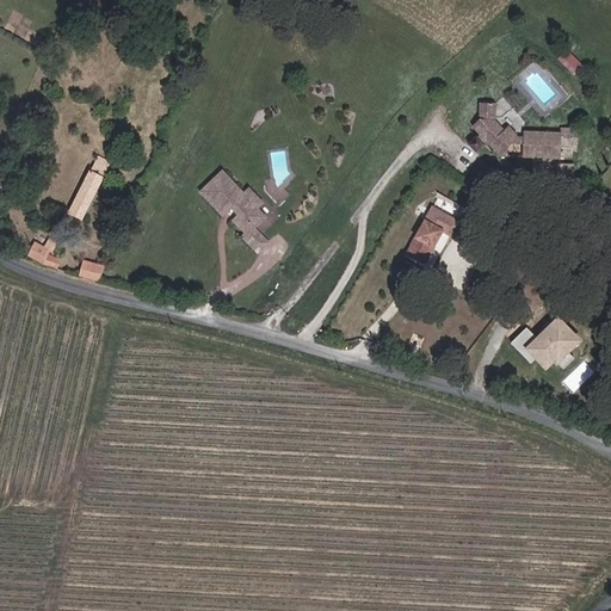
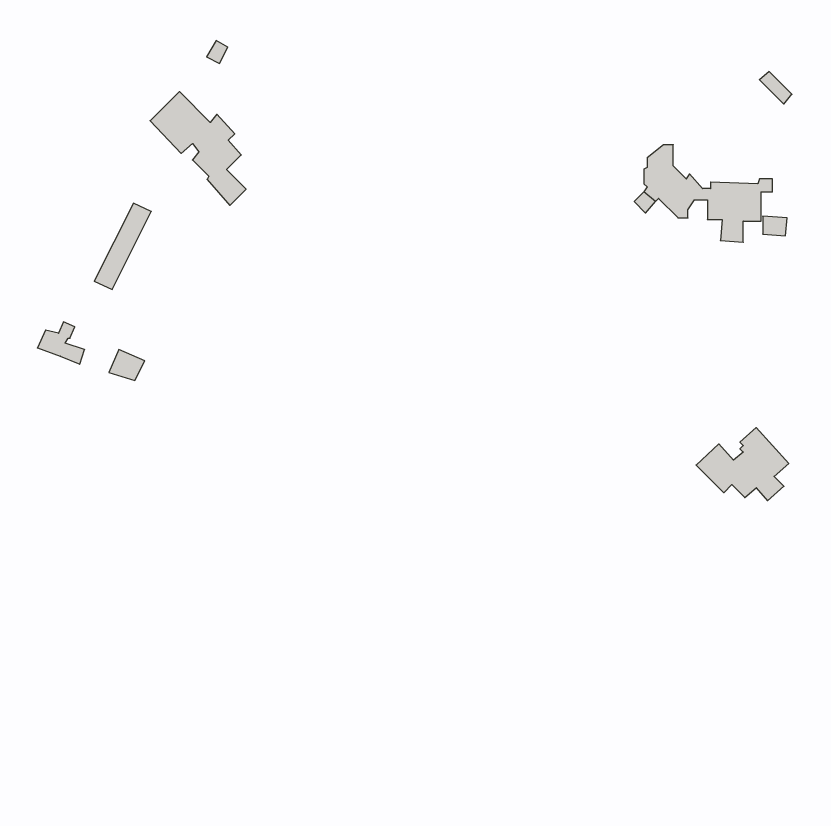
building: [199,168,270,252] -> [150,92,246,205]
building: [408,204,462,258] -> none

